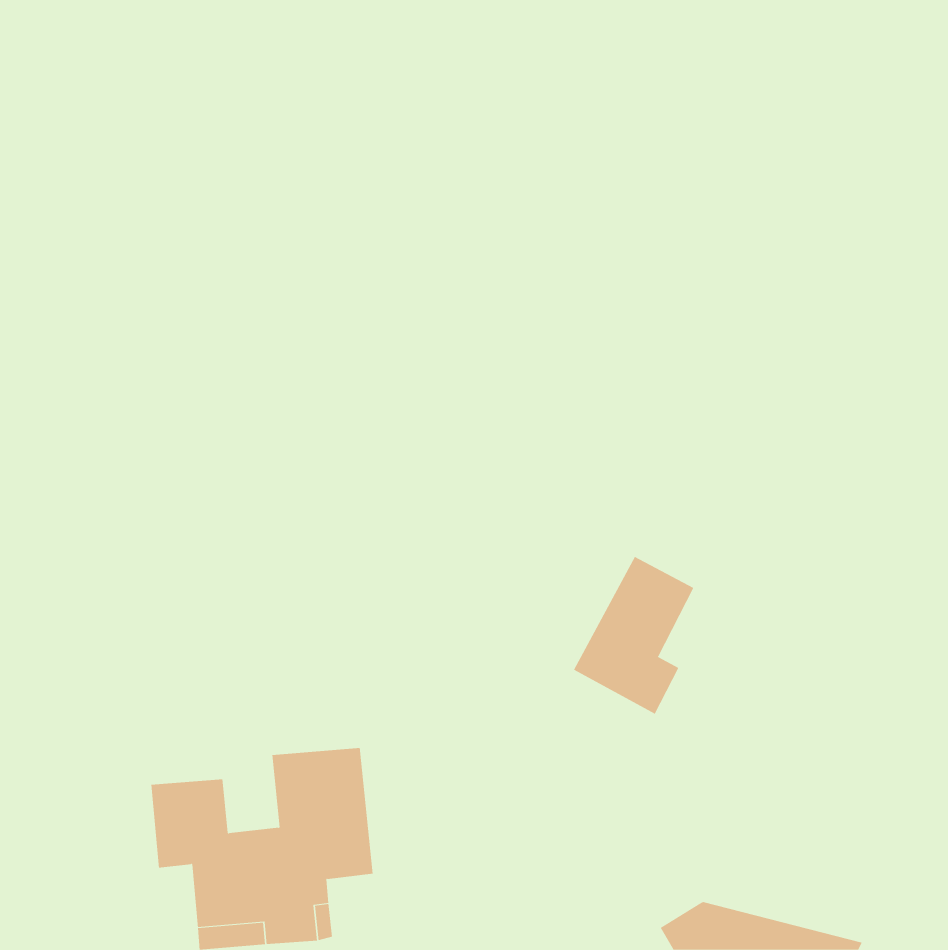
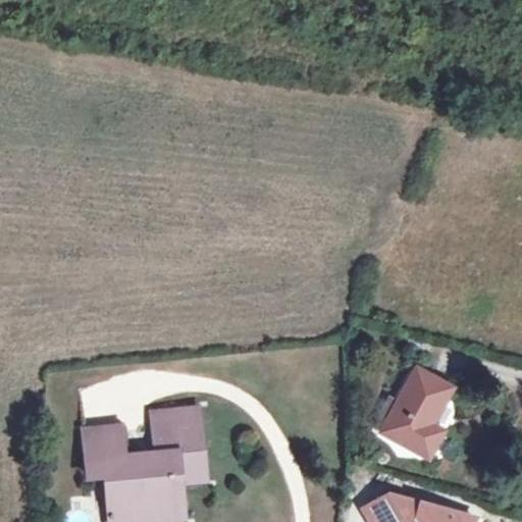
building: [573,556,694,714] -> [382,370,449,457]

